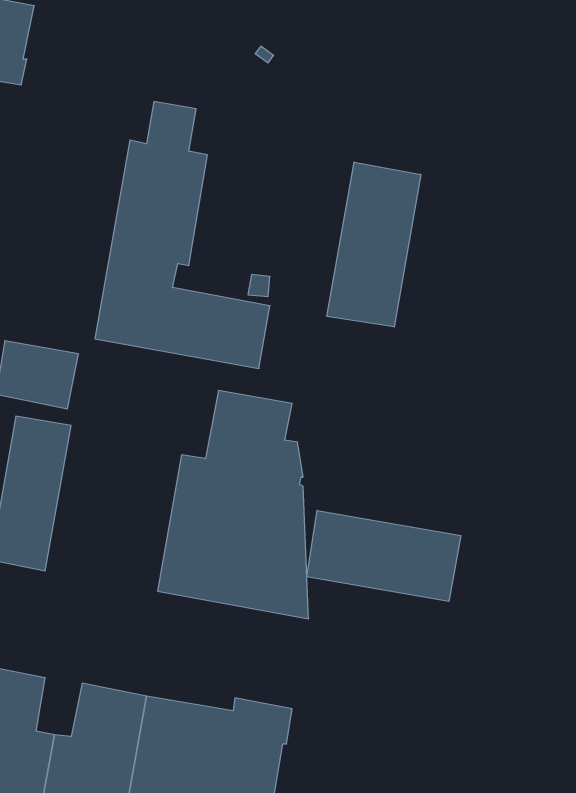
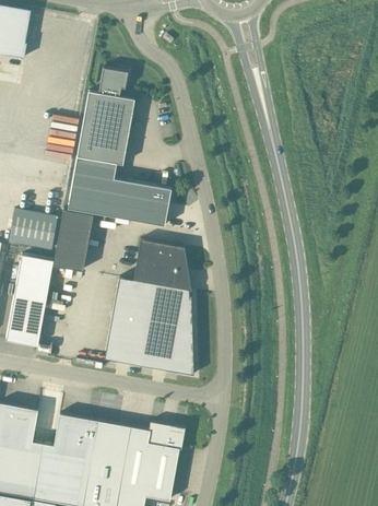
building: [327,162,421,327] -> none
building: none -> [54,209,94,271]
building: [307,510,461,601] -> none

